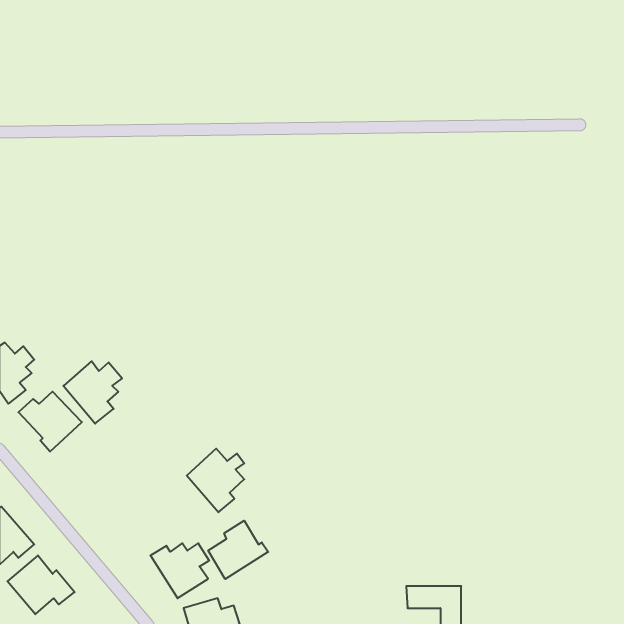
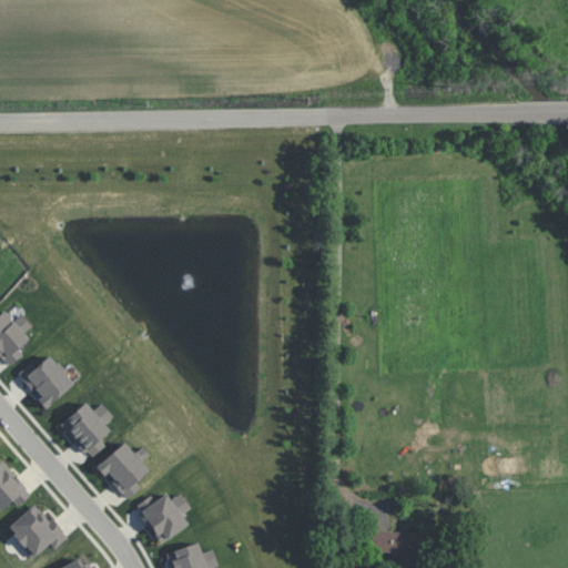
building: [63,361,122,424] -> [60,403,113,459]
building: [187,449,244,512] -> [97,443,149,500]
building: [208,521,268,579] -> none

